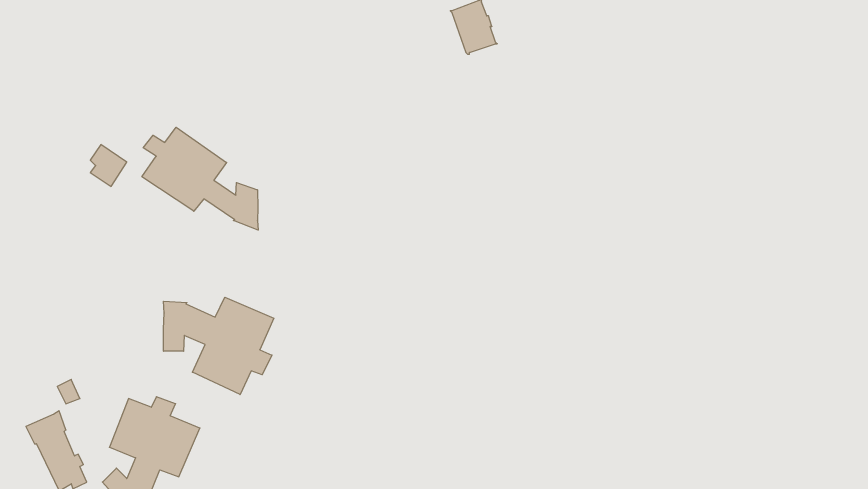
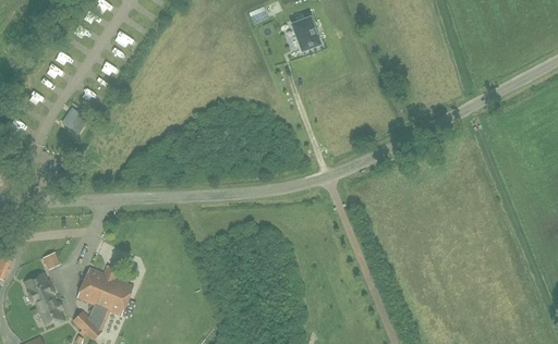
building: [142,127,258,230] -> none
building: [163,297,274,395] -> none

